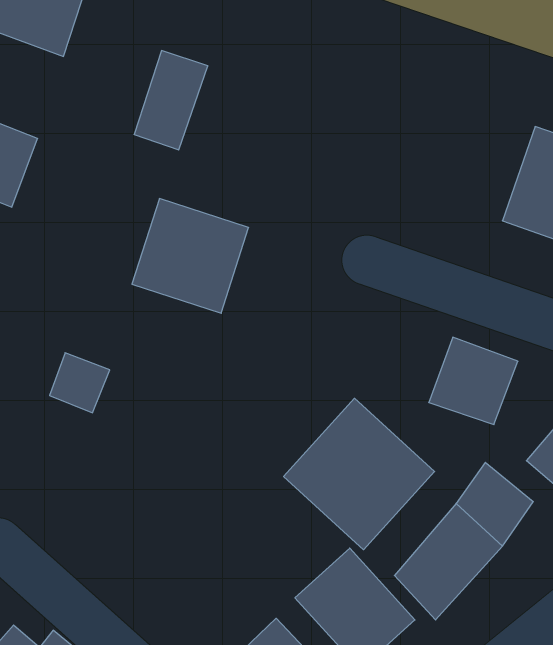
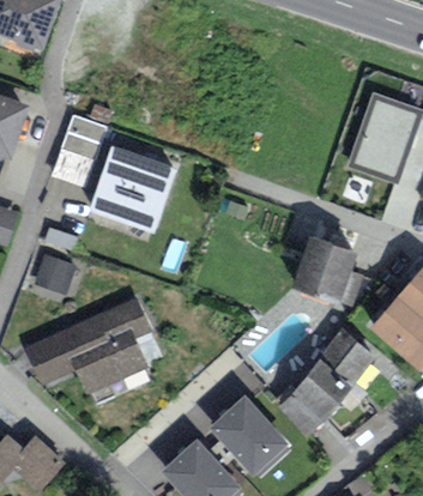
building: [134,51,208,150] -> [55,115,107,185]
building: [284,398,435,550] -> none
building: none -> [17,286,151,397]

